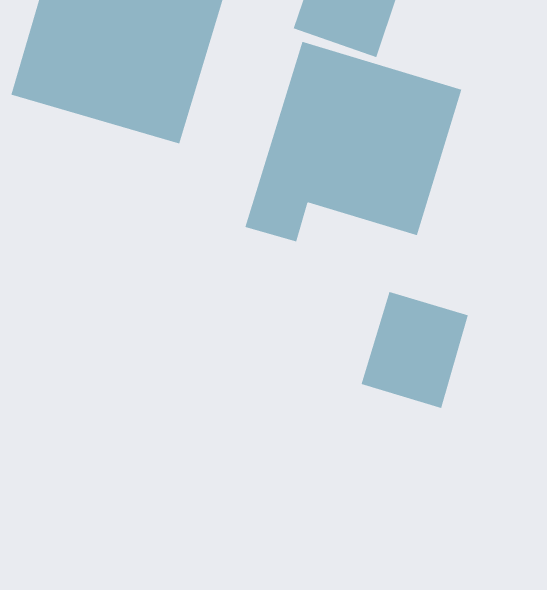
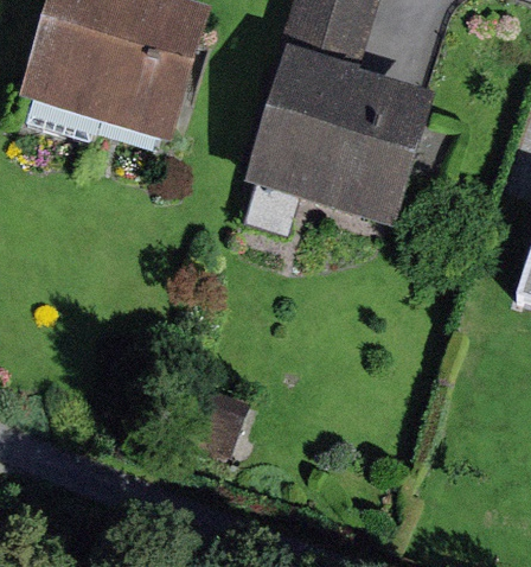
building: [361,291,469,409] -> none

